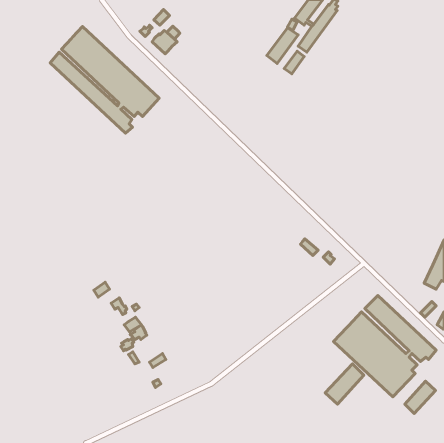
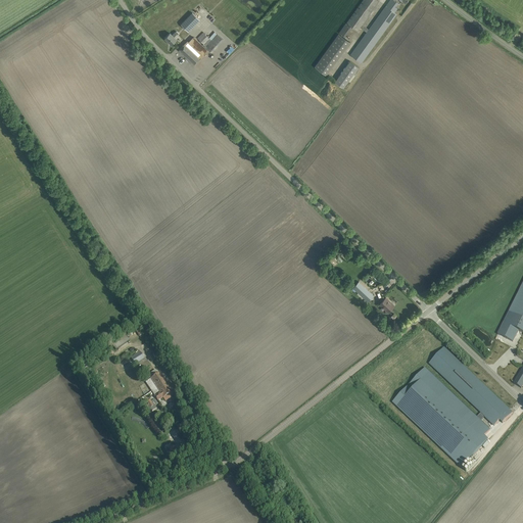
building: [50,27,159,133] -> none
building: [325,364,364,404] -> none
building: [405,381,436,413] -> none

